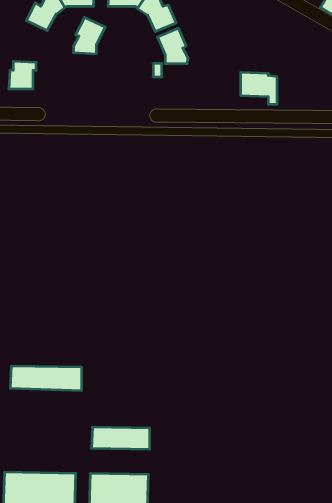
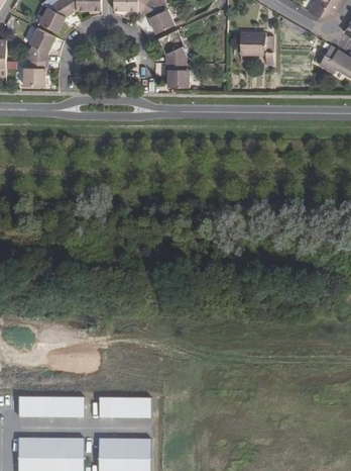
building: [73,17,105,54] -> [26,28,55,62]
building: none -> [164,63,190,88]
building: [241,72,277,104] -> [240,32,273,62]
building: [10,366,82,390] -> [20,394,86,416]

